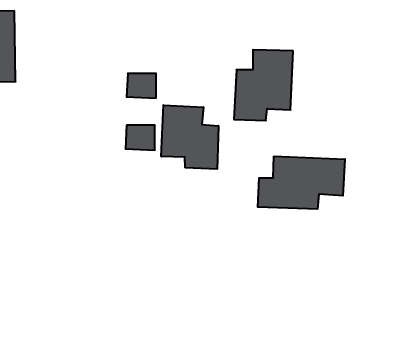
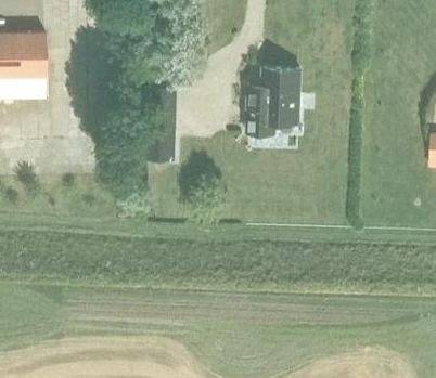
building: [161,105,218,169] -> none
building: [258,156,345,209] -> none

